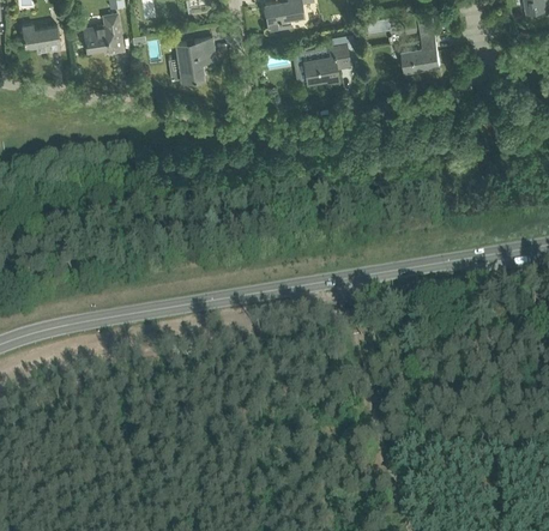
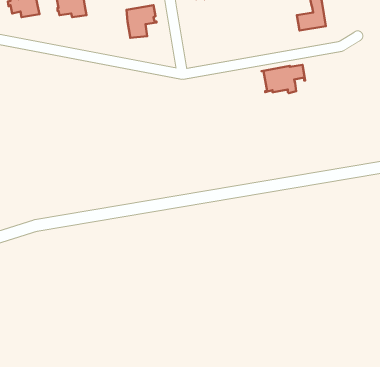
building: [292,47,350,84] -> [262,65,305,93]

